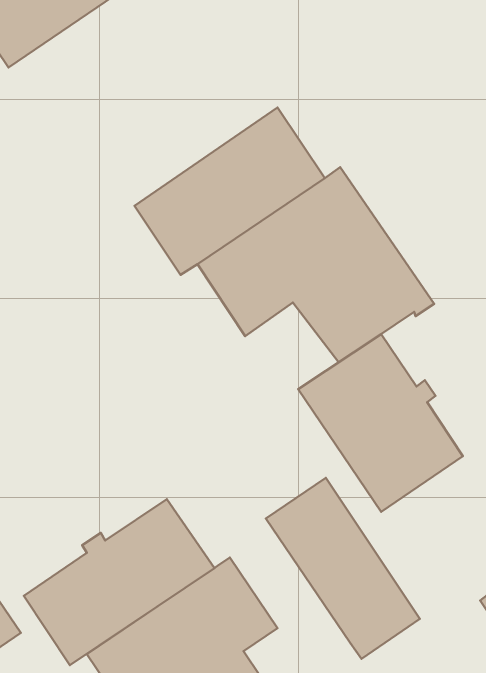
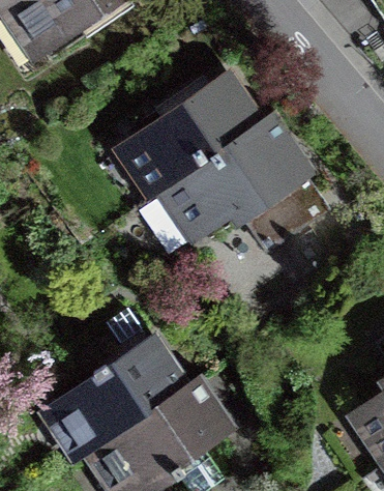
building: [298,334,463,512] -> none
building: [266,478,420,659] -> none

